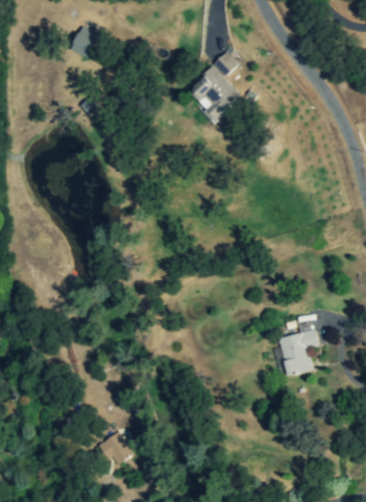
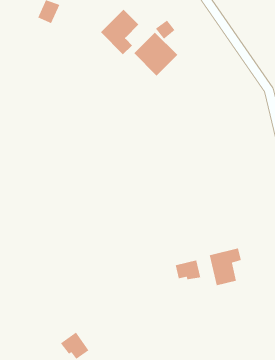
building: none -> [100,9,139,55]
building: none -> [175,260,201,280]

